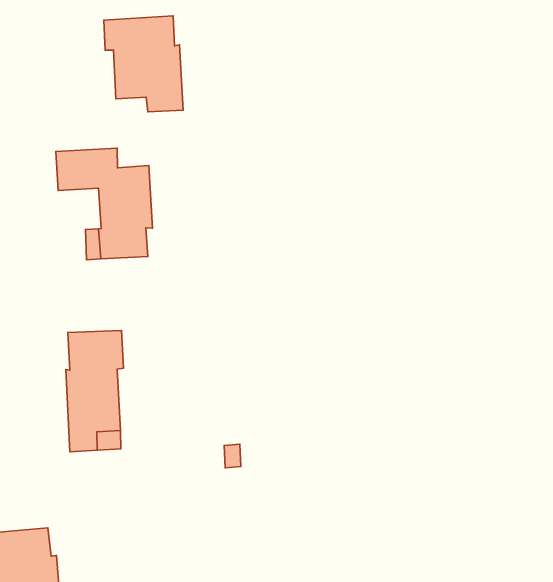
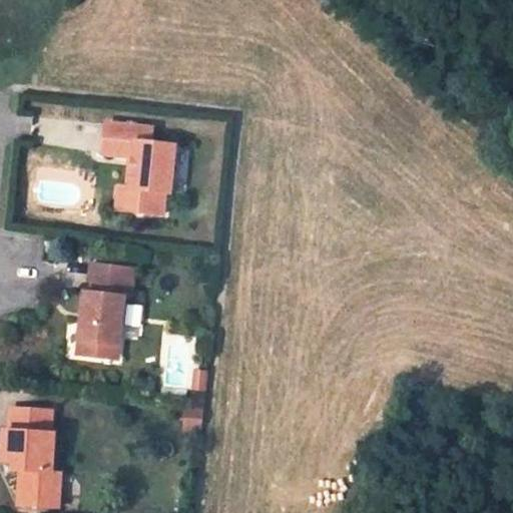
building: [104,16,183,112] -> none

